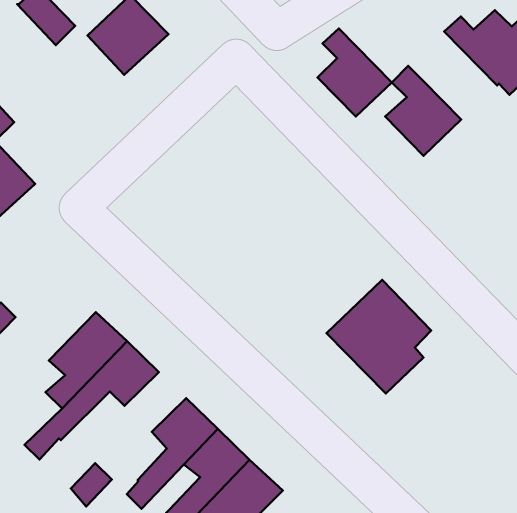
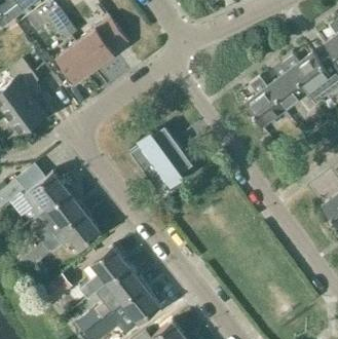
building: [318,29,392,117] -> [268,61,309,111]
building: none -> [57,37,102,82]
building: none -> [24,172,69,221]
building: [326,280,431,394] -> [130,126,189,190]

